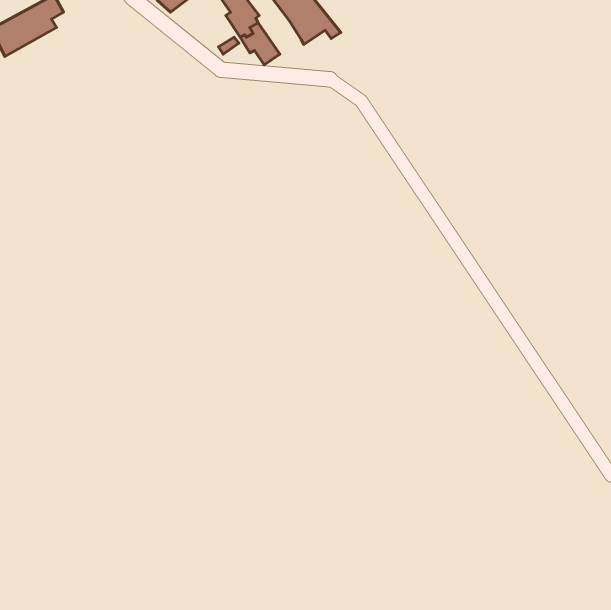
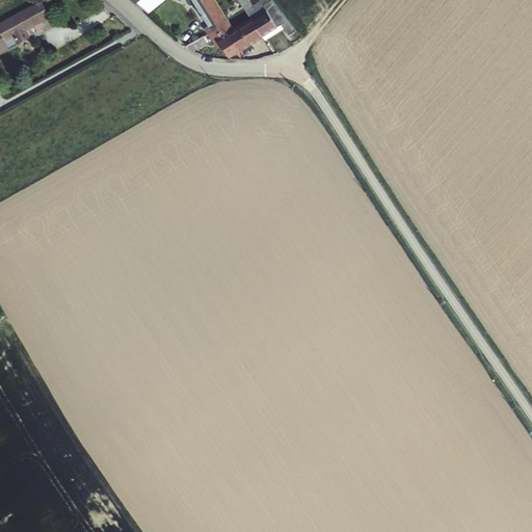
building: none -> [231,18,261,47]

